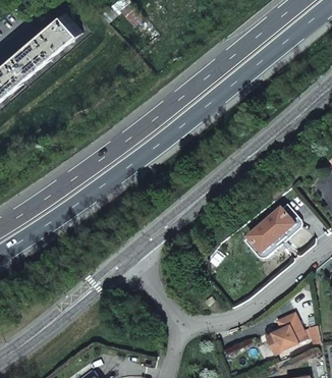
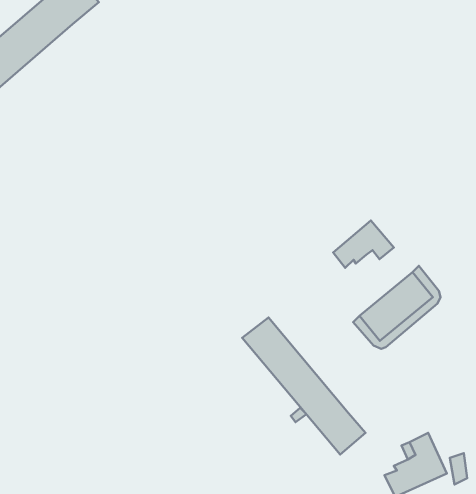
building: none -> [333,221,394,268]
building: none -> [242,318,366,455]

